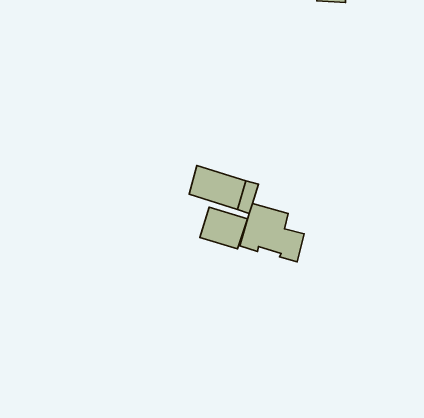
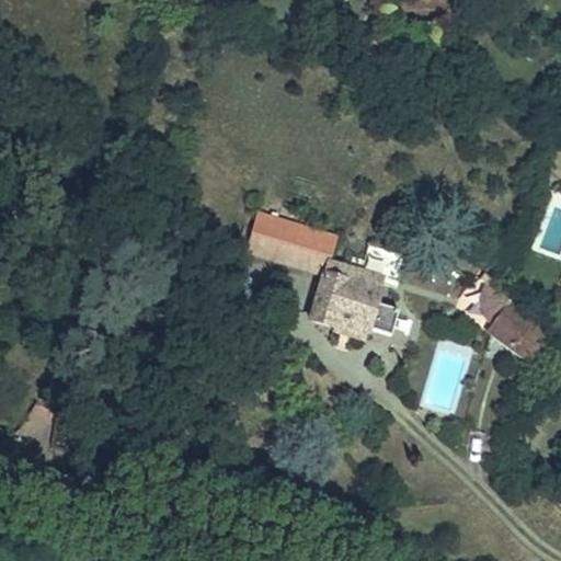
building: [200,207,248,249] -> none
building: none -> [484,299,543,359]

